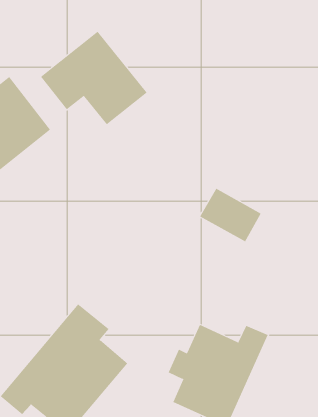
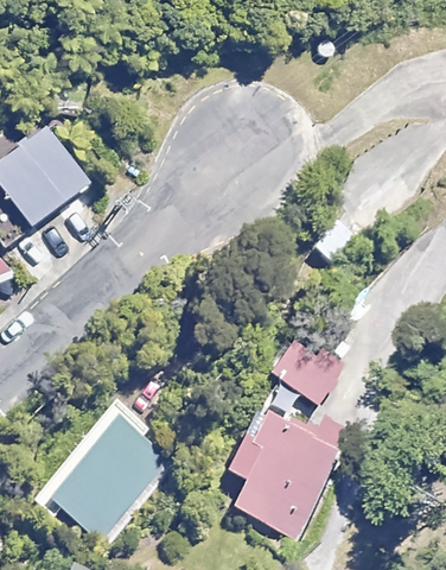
building: [40,31,147,125] -> none
building: [199,188,261,242] -> [267,340,342,405]

